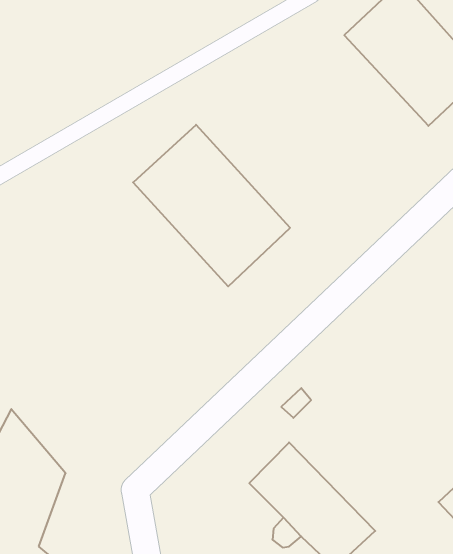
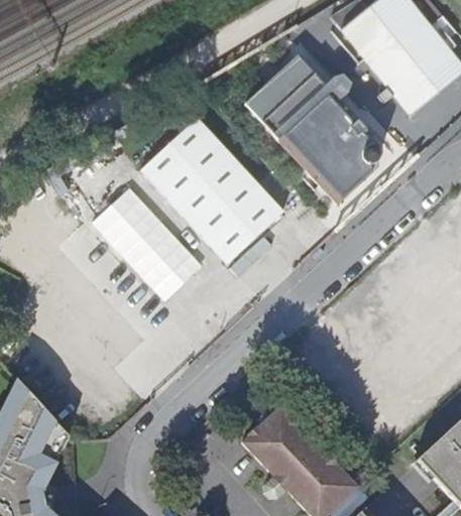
building: none -> [242,52,378,202]
building: none -> [98,185,206,297]

